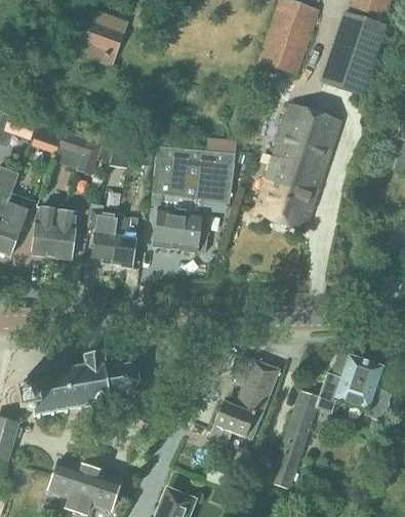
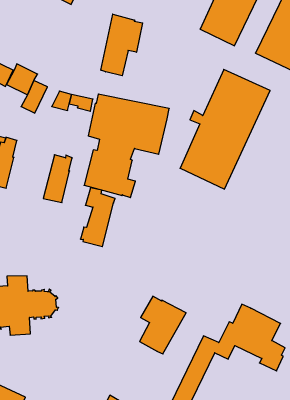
building: none -> [101,14,143,76]
building: [87,203,119,265] -> [80,188,115,247]
building: [209,401,260,441] -> none

